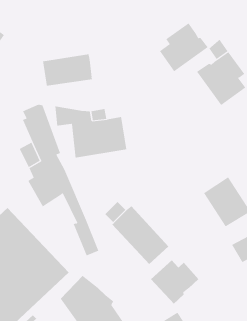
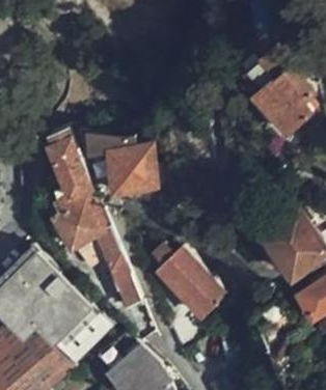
building: [159,23,209,72] -> none
building: [42,54,92,86] -> none
building: [150,259,199,305] -> none

